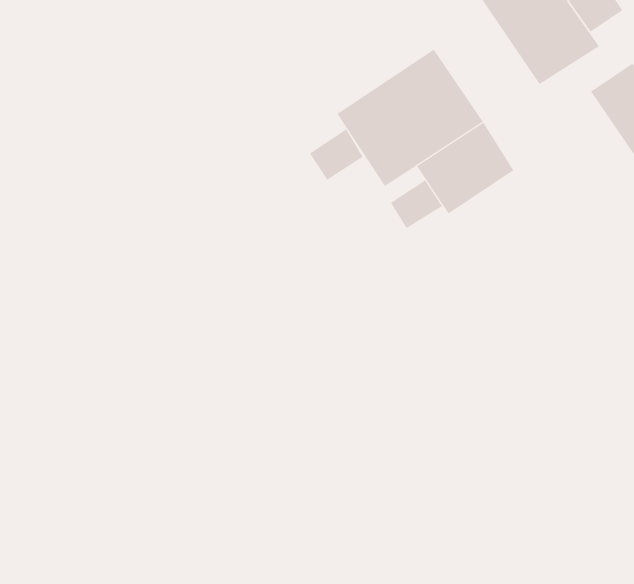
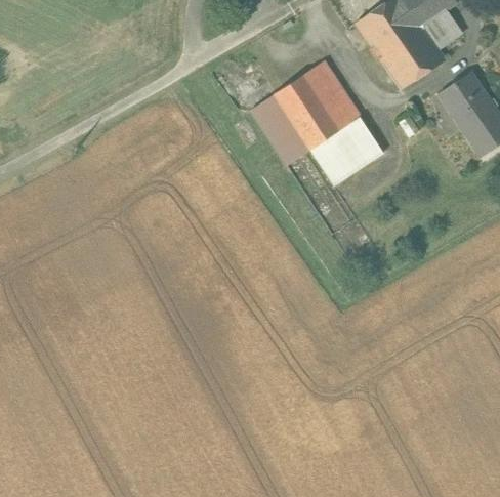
building: [309,129,364,181] -> none
building: [390,180,443,229] -> none

